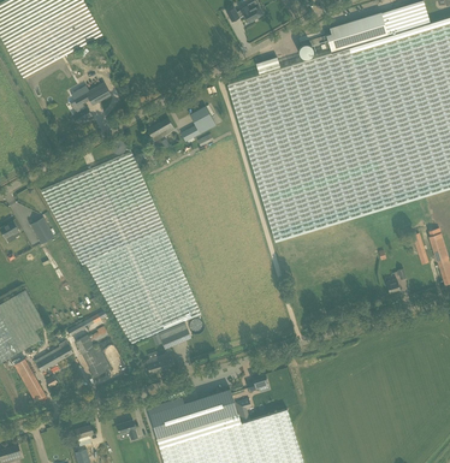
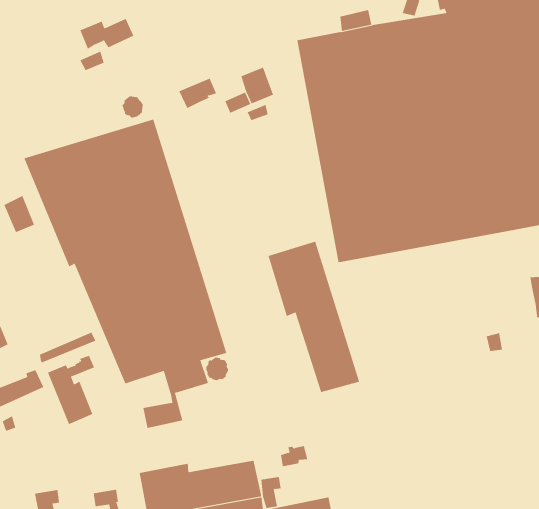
building: none -> [268,241,360,393]

